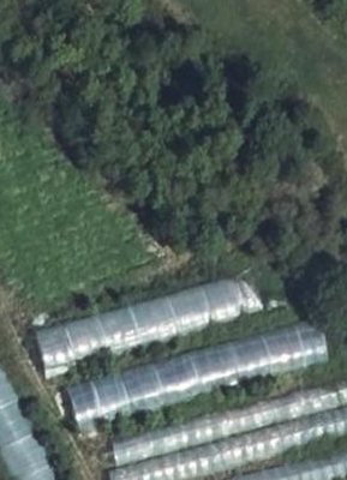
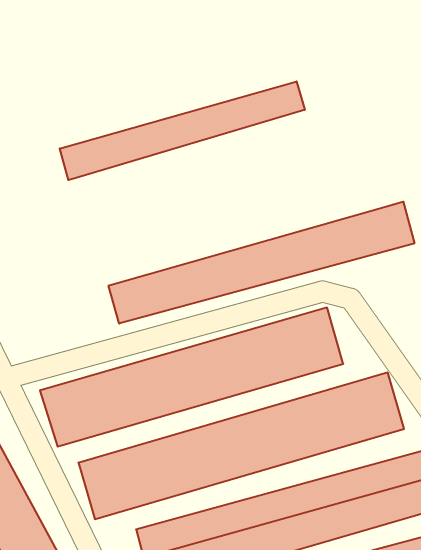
building: none -> [60,81,305,180]
building: none -> [109,202,414,324]

